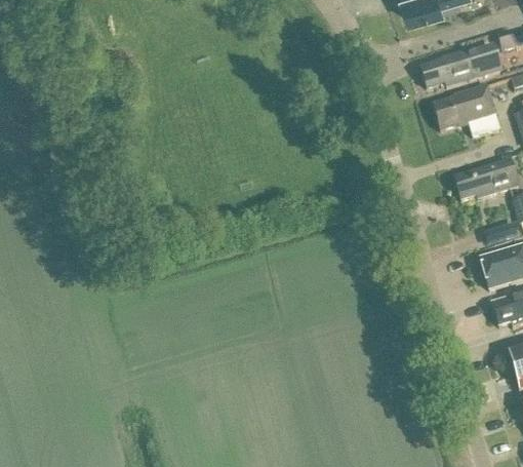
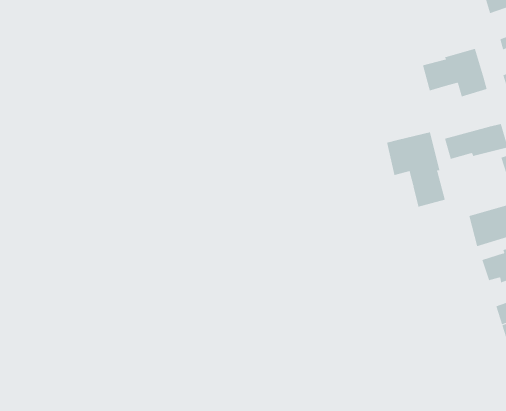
building: [424,41,505,85] -> none
building: none -> [386,131,446,208]

